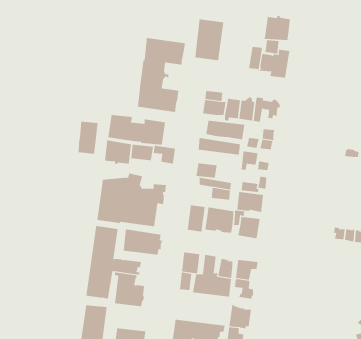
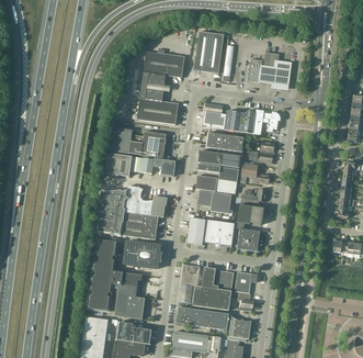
building: [264,15,291,41] -> none
building: [78,121,98,154] -> none
building: none -> [197,163,238,193]
building: none -> [178,306,228,329]
building: none -> [115,321,152,344]

